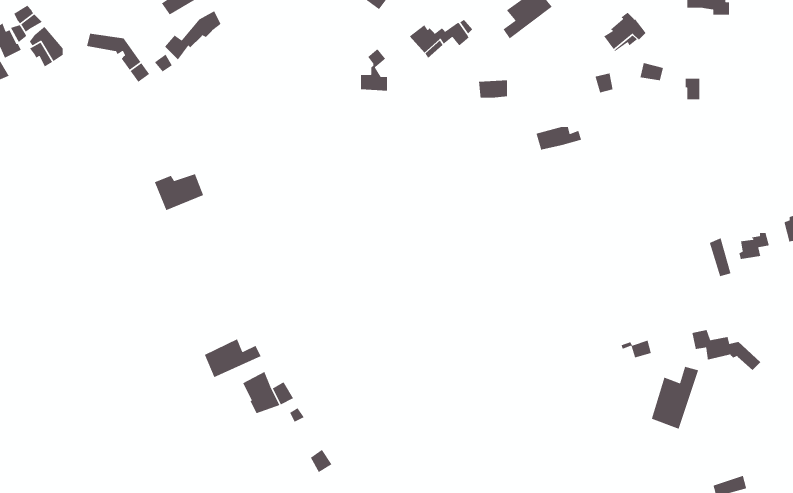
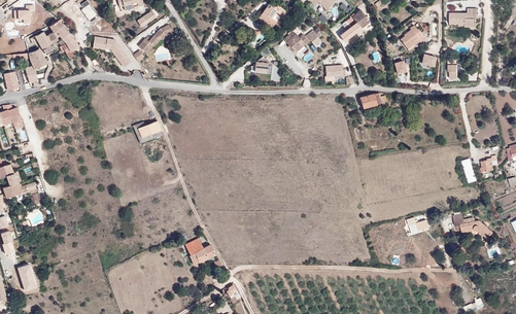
building: [204,338,262,378] -> none
building: [651,366,699,430] -> none

